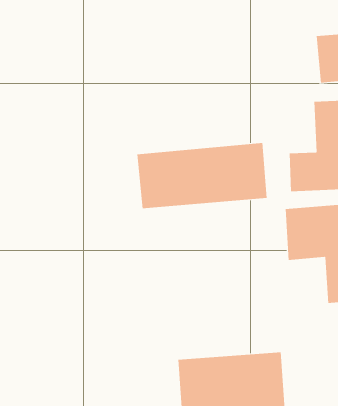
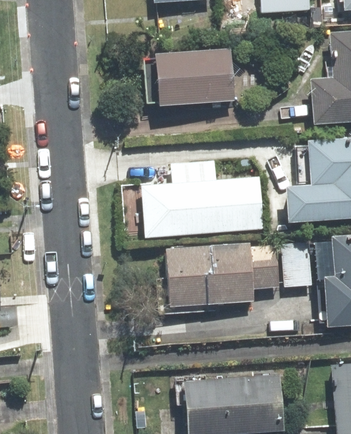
building: none -> [153,51,232,106]
building: none -> [165,242,275,309]

